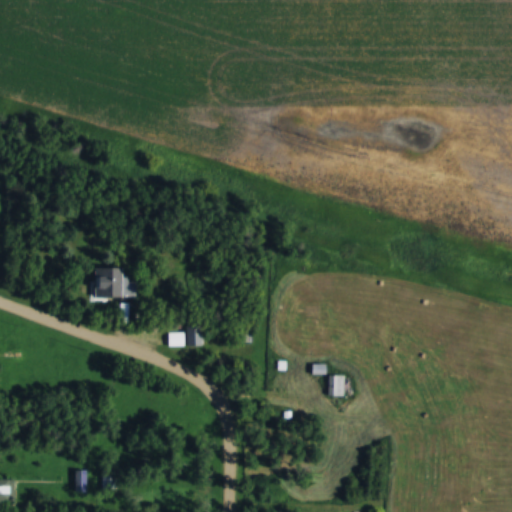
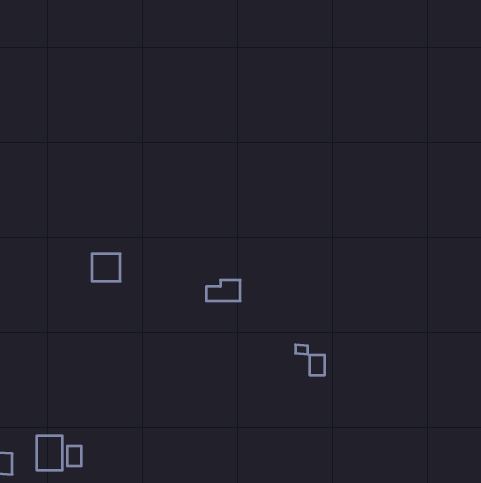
building: [167,325,203,347] -> [206,280,240,301]
building: none -> [37,436,62,470]

